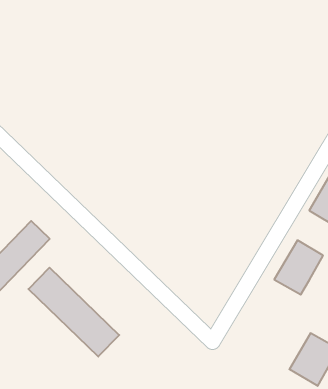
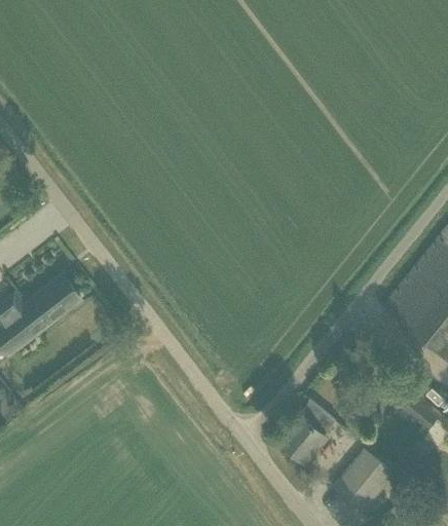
building: [274,240,323,295] -> [277,399,337,461]
building: [28,268,119,357] -> none

